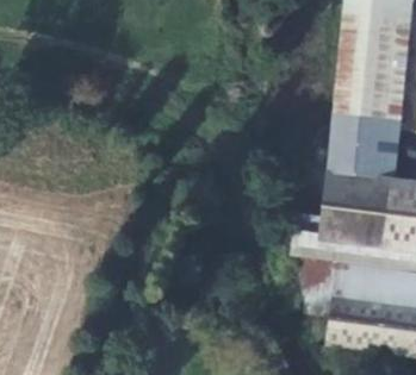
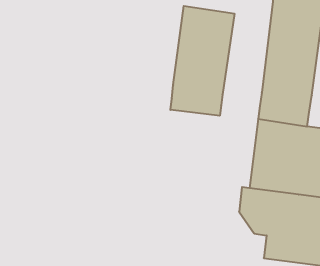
building: none -> [170,6,234,116]

